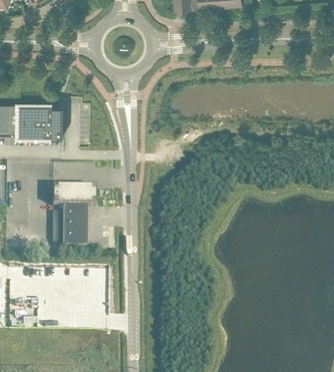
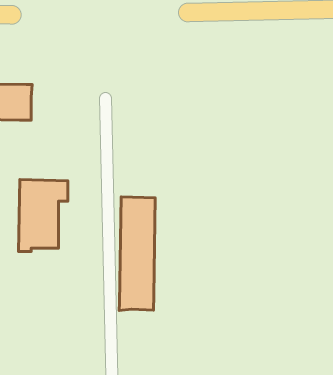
building: none -> [119,197,155,310]

